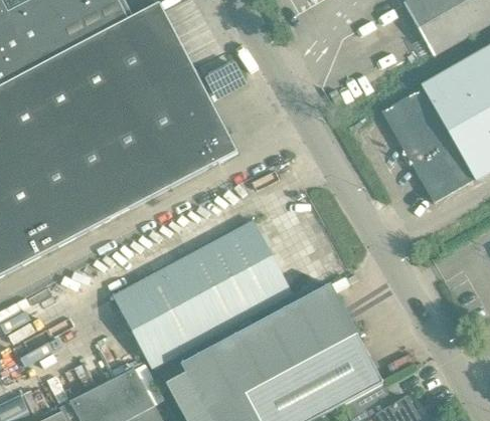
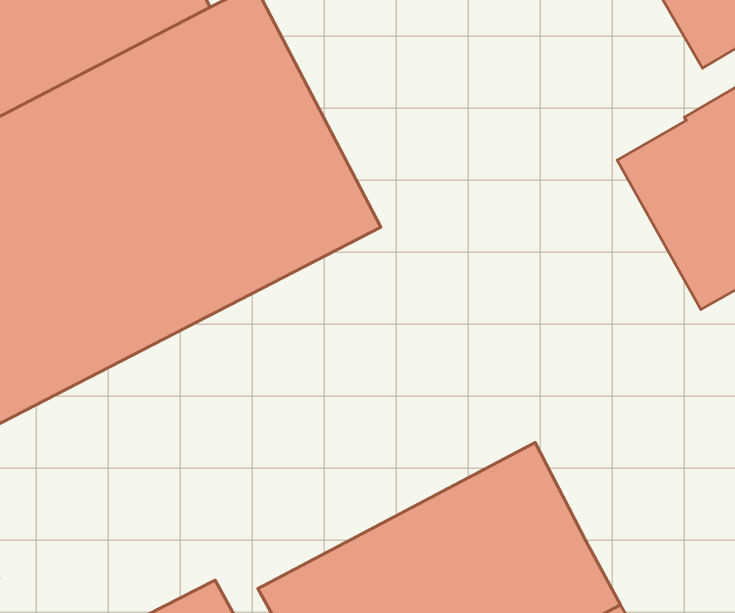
building: [113,219,293,369] -> none

